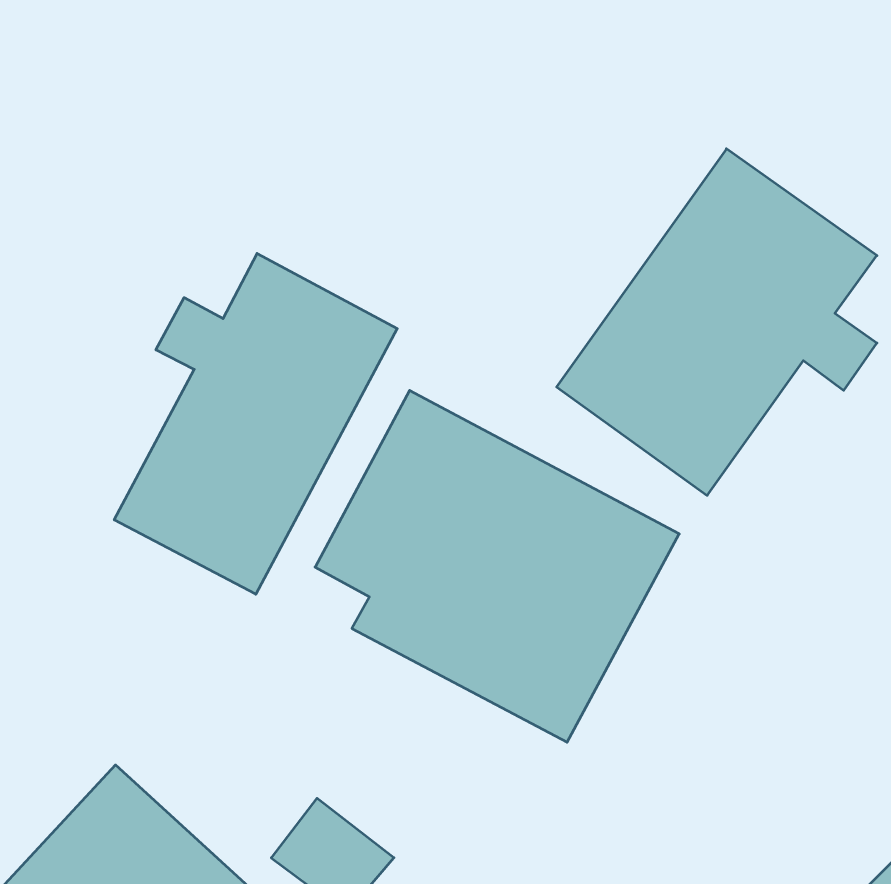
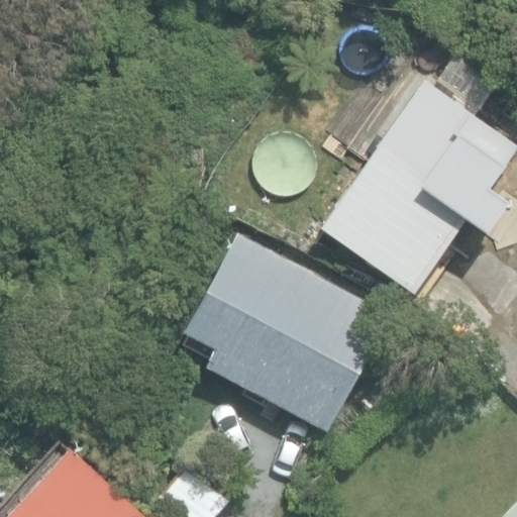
building: [114,253,397,594] -> none

